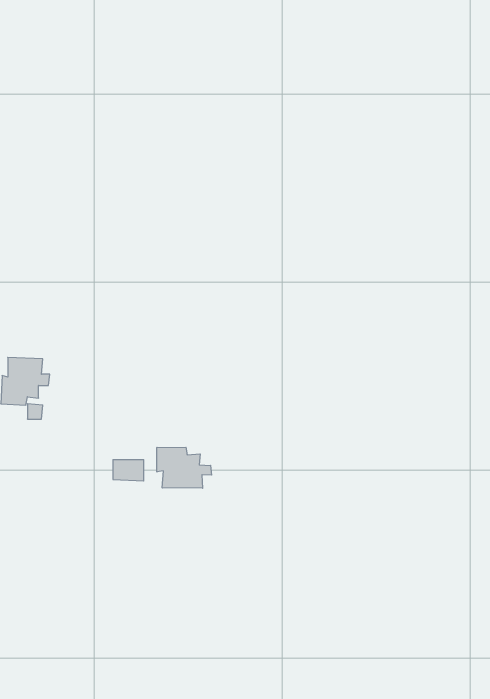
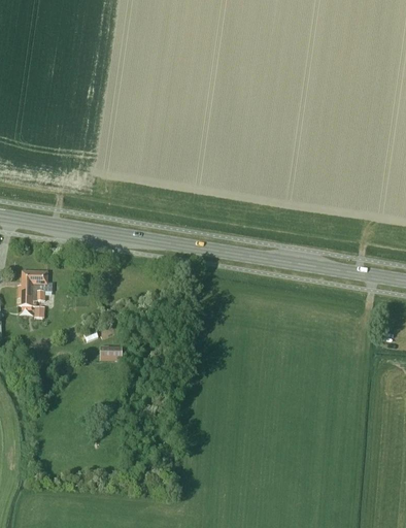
building: [157,447,212,488] -> none

